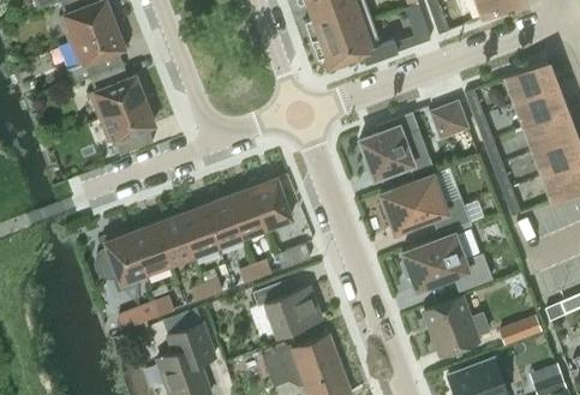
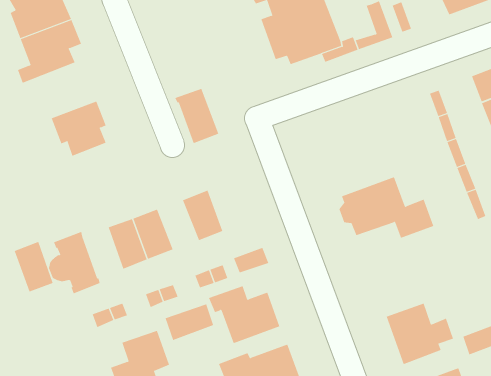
building: [90,64,150,118] -> none
building: [430,100,470,139] -> none
building: [359,113,433,181] -> none
building: [249,173,292,227] -> [175,88,219,144]
building: [203,197,243,245] -> none
building: [131,223,169,273] -> [14,241,54,292]
building: [401,233,492,291] -> none
building: none -> [165,303,214,341]

